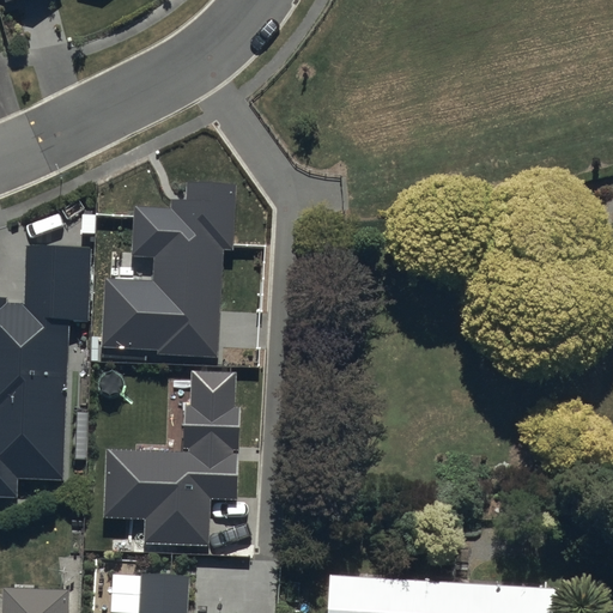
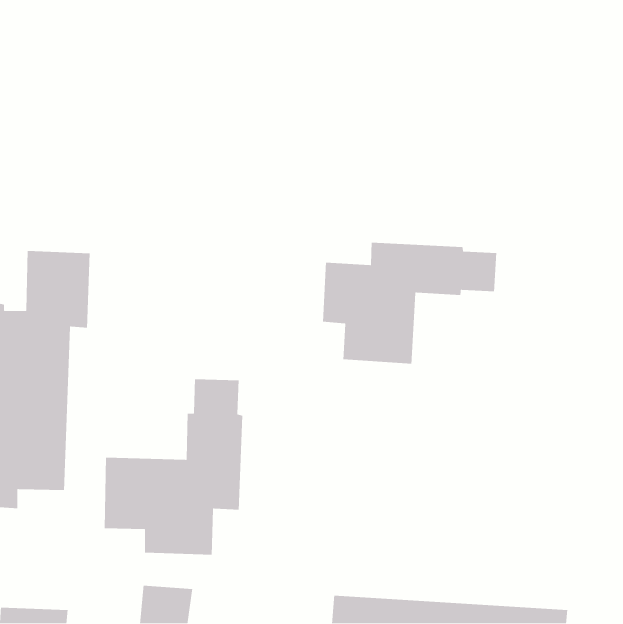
building: [99,183,233,359] -> none
building: none -> [322,242,497,364]

